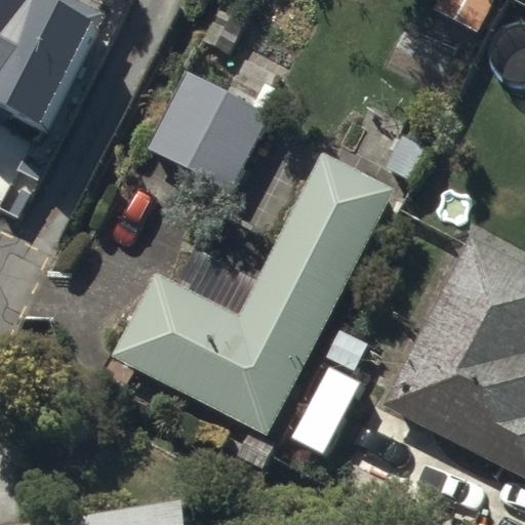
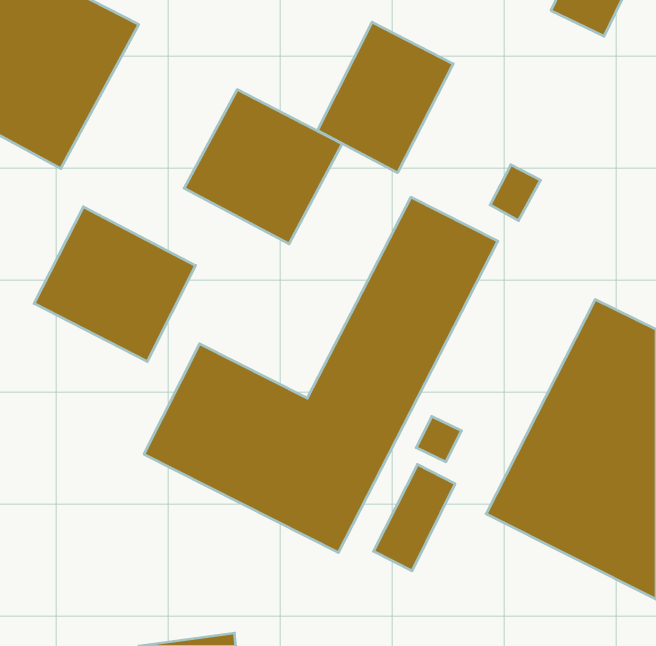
building: none -> [317,22,453,173]
building: none -> [34,207,196,362]

